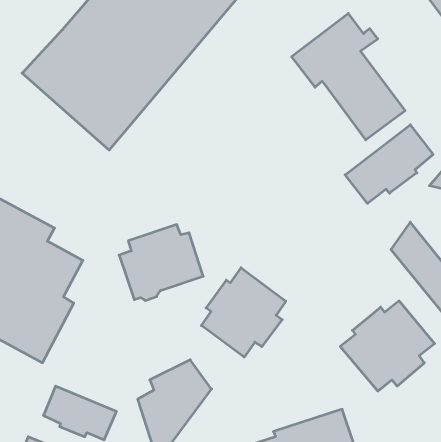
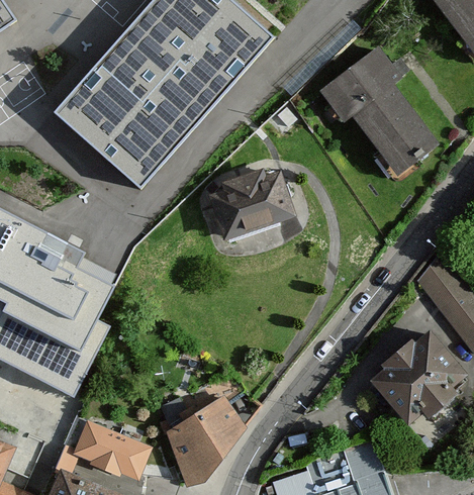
building: [345,125,433,203] -> none
building: [119,225,203,301] -> [211,168,295,243]
building: [201,268,286,357] -> none

